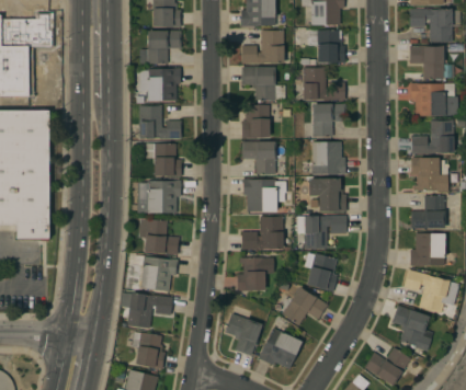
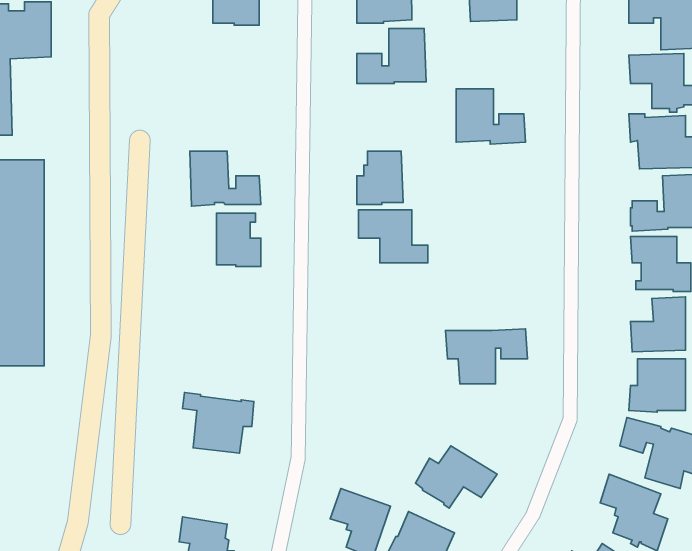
building: [317,30,346,62] -> none
building: [147,31,181,64] -> none
building: [241,67,285,100] -> none
building: [140,68,180,101] -> none
building: [311,103,345,137] -> none
building: [311,141,345,174] -> none
building: [130,177,181,213] -> none
building: [242,179,286,211] -> none
building: [309,179,346,211] -> none
building: [241,216,283,250] -> none
building: [138,218,180,255] -> none
building: [306,252,337,291] -> none
building: [237,257,265,290] -> none
building: [121,292,172,328] -> none

